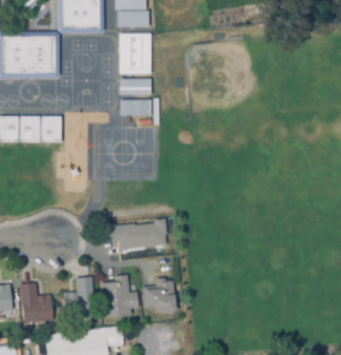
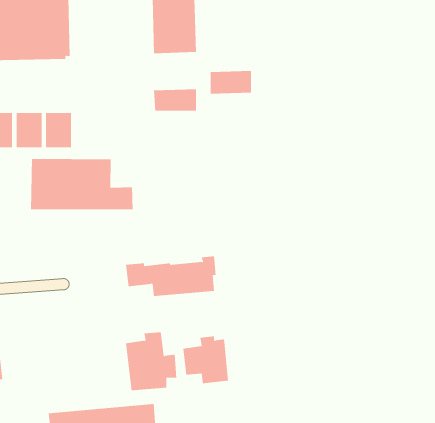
building: [121,78,151,95] -> [210,70,252,94]
building: none -> [31,158,133,210]
building: [63,277,95,317] -> none
building: [19,282,53,324] -> none

